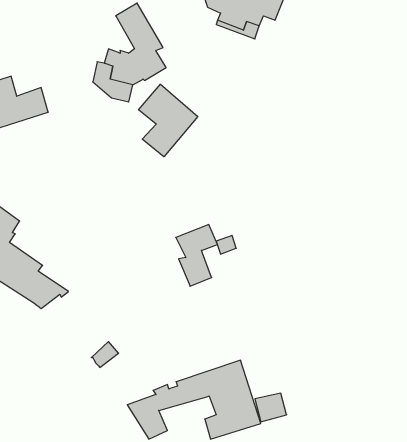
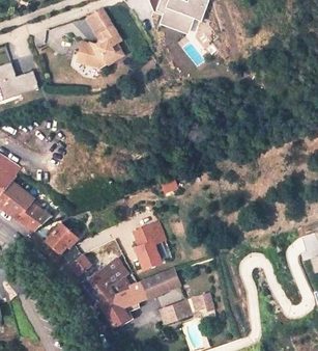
building: [139,84,198,157] -> none
building: [176,225,217,286] -> [134,220,164,265]
building: none -> [34,220,77,252]
building: none -> [83,256,126,300]

